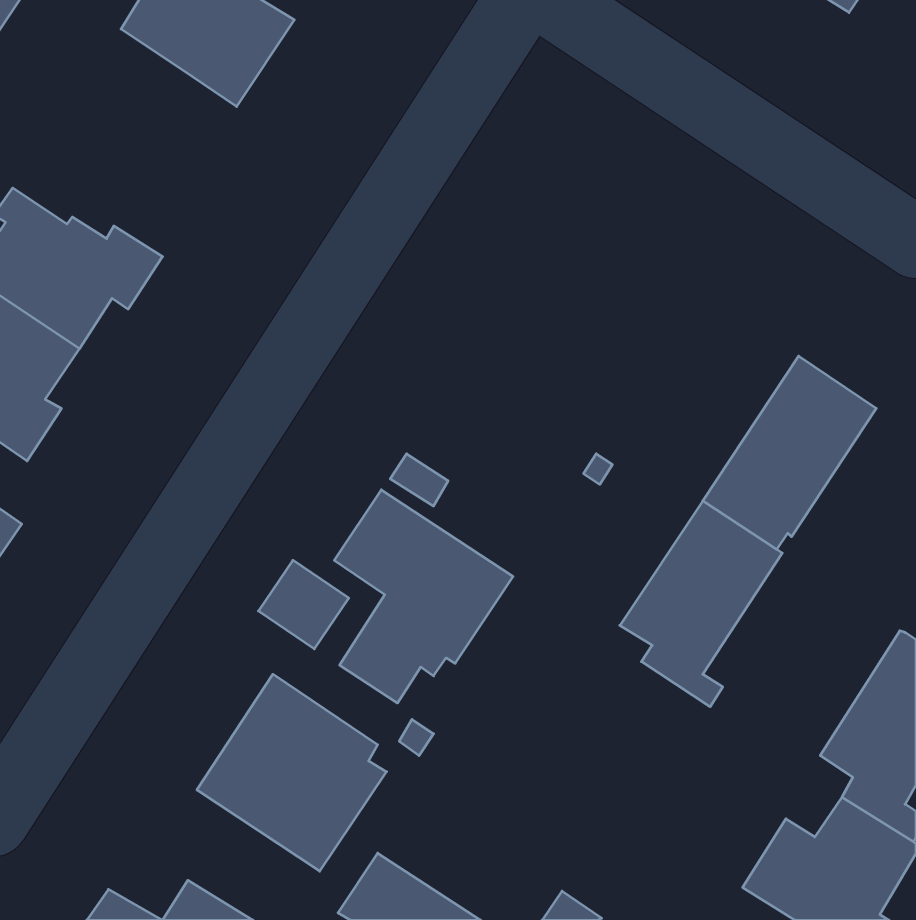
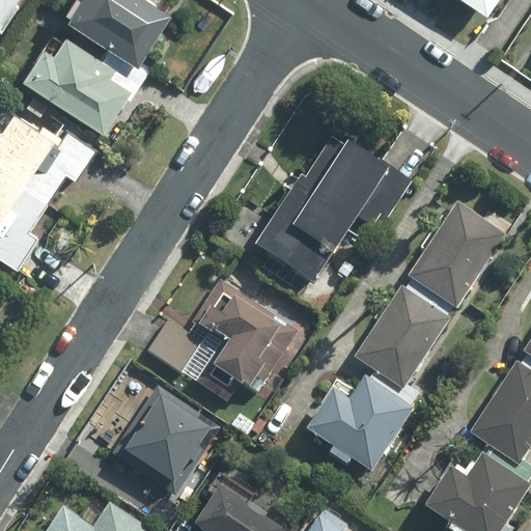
building: none -> [24,35,146,129]
building: none -> [255,140,408,283]
building: none -> [308,380,413,473]

